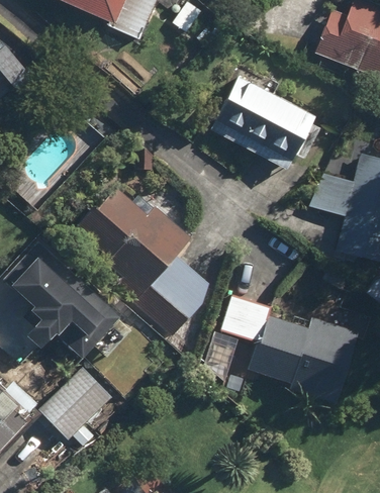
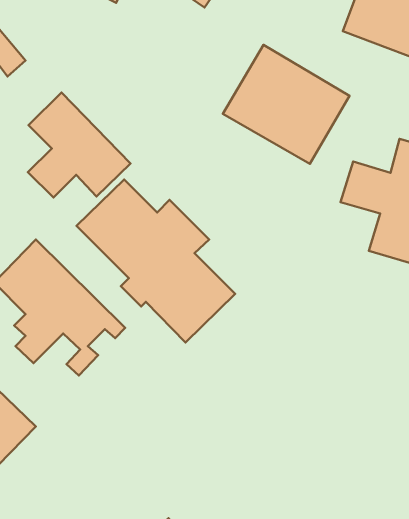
building: none -> [28,93,130,198]
building: [221,293,356,402] -> none
building: [42,366,112,446] -> none

